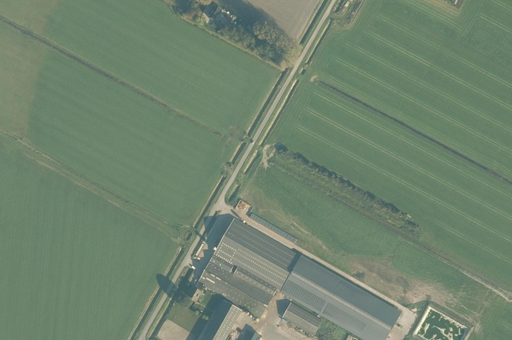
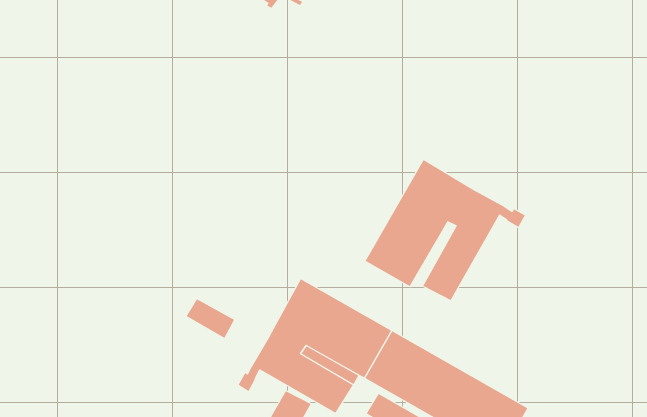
building: none -> [365,159,525,301]
building: none -> [186,299,235,339]

